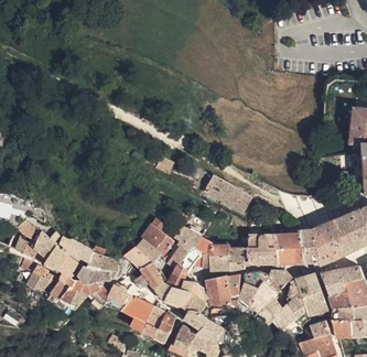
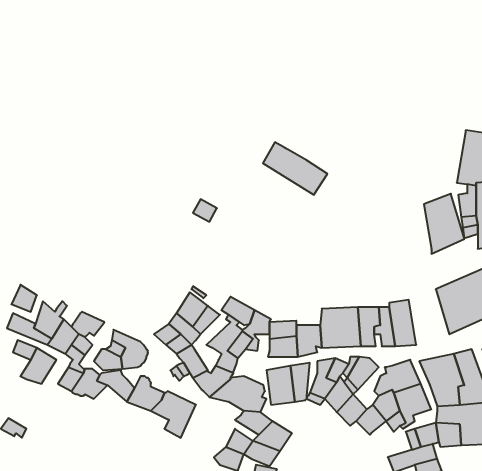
building: [203,174,250,213] -> [263,142,327,195]
building: [312,221,342,266] -> [424,194,464,254]
building: [144,306,175,342] -> none

